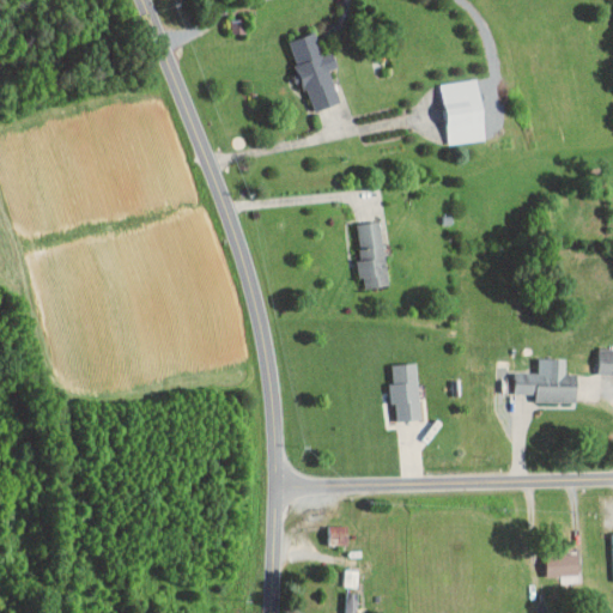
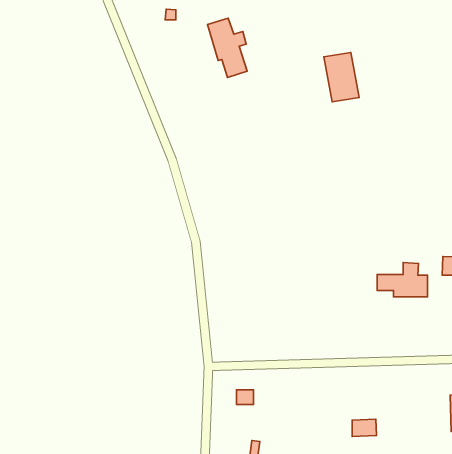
building: [356,223,388,290] -> none
building: [389,364,419,421] -> none
building: [547,554,579,577] -> [352,419,377,436]

